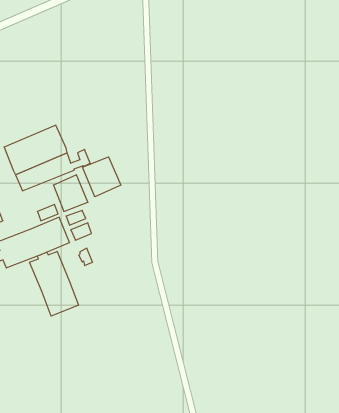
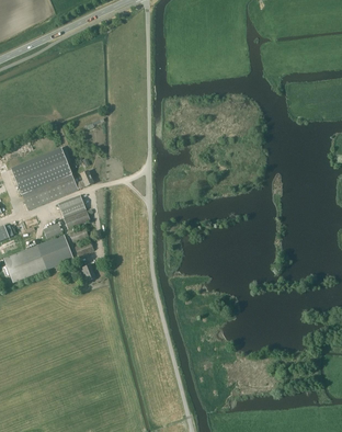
building: [82,157,121,197] -> none
building: [30,251,79,316] -> none

